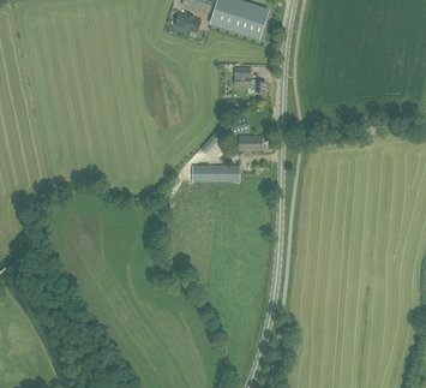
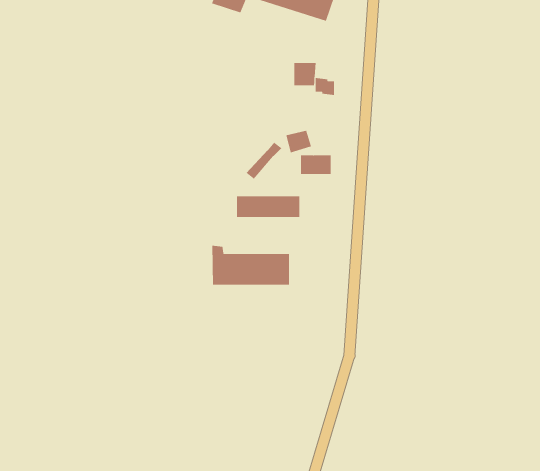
building: none -> [212,245,289,285]

